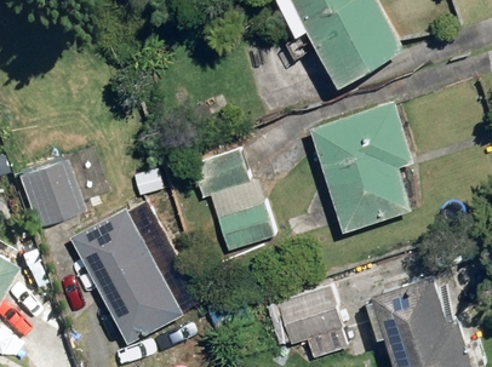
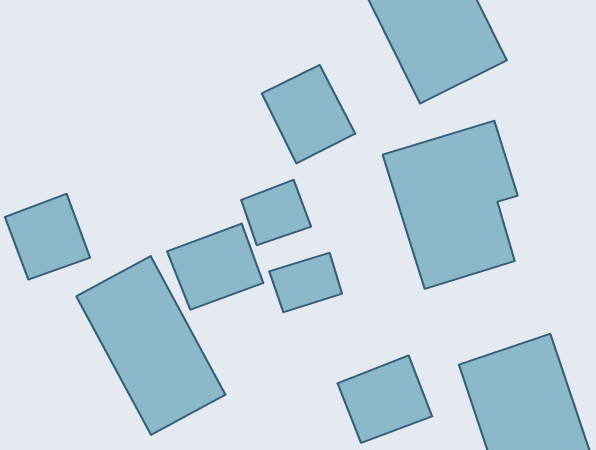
building: none -> [262,65,355,163]
building: none -> [167,223,263,310]

